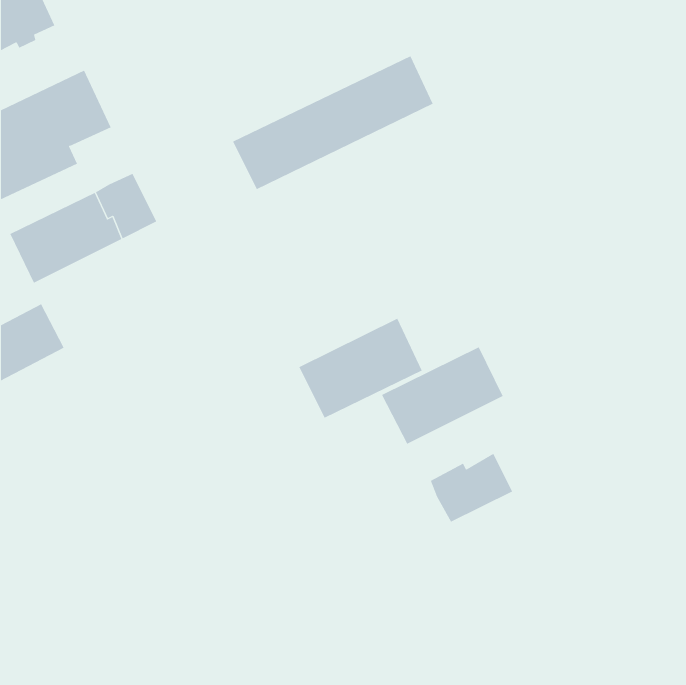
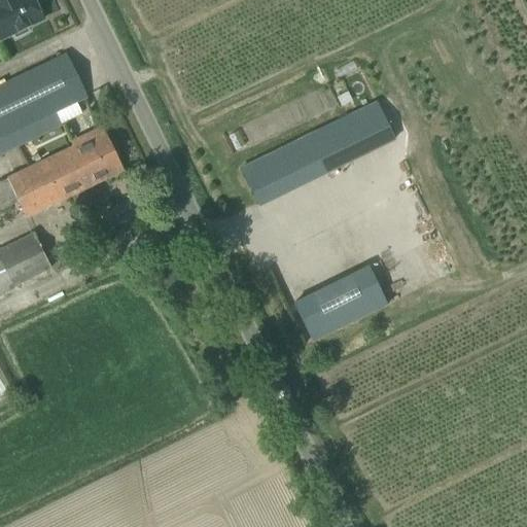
building: [232,56,434,190] -> [240,102,394,205]
building: [299,318,422,418] -> none
building: [430,453,513,523] -> none

